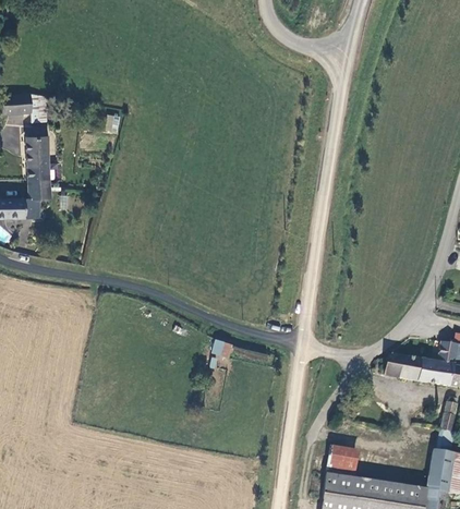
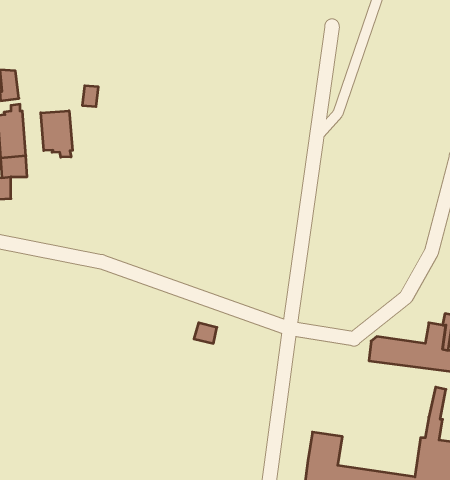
building: none -> [41,111,73,157]

